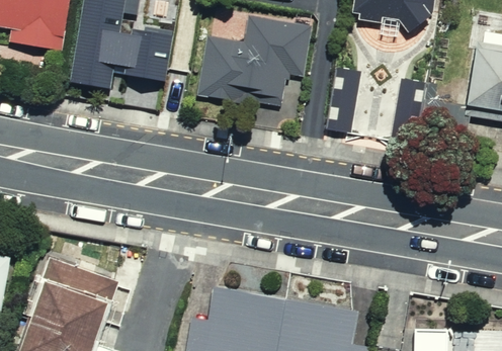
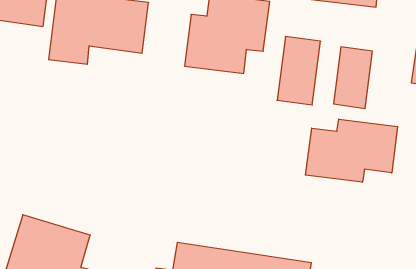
building: none -> [305,119,398,182]

